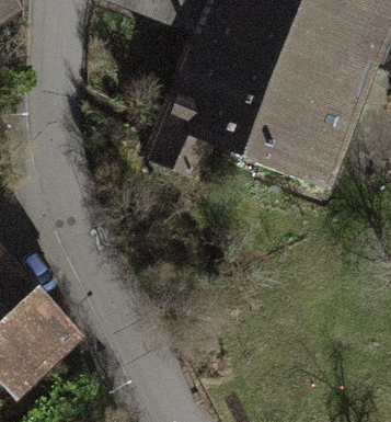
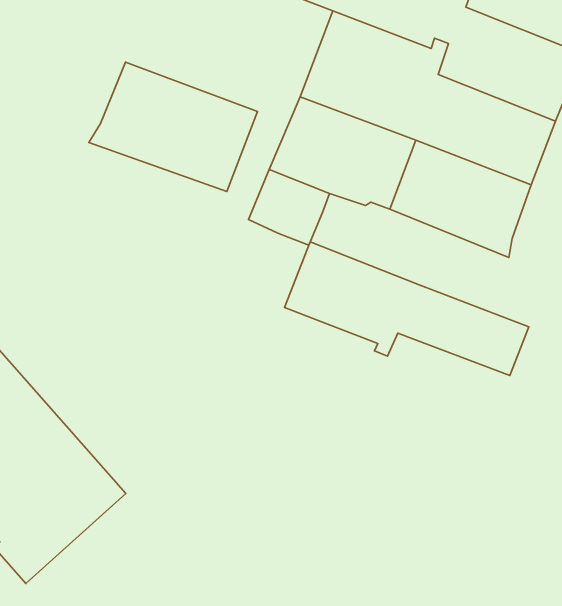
building: none -> [89,62,258,192]
building: none -> [285,242,529,375]

